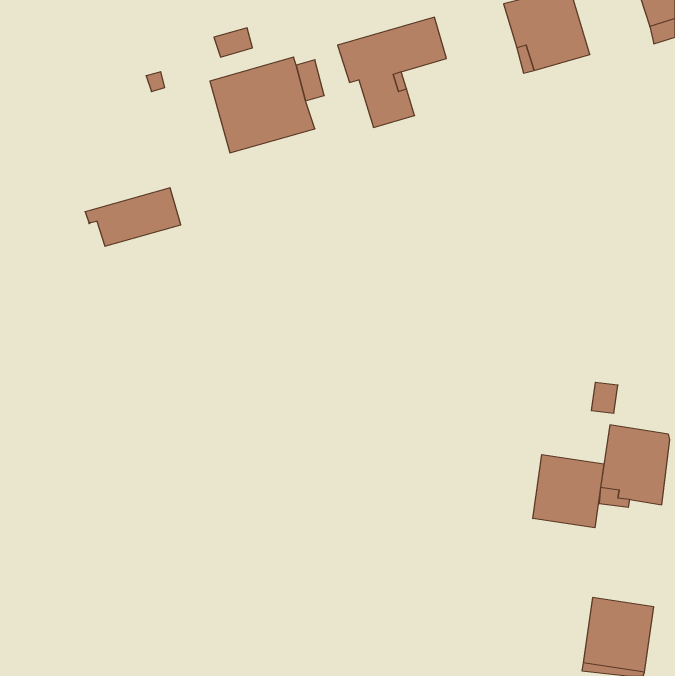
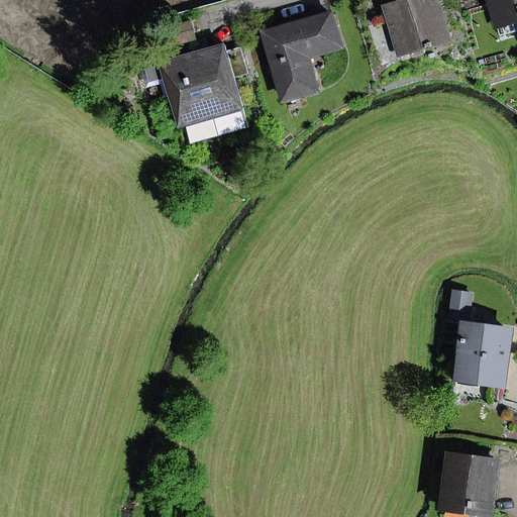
building: [85,188,181,246] -> [175,98,247,142]
building: [533,455,604,528] -> none

